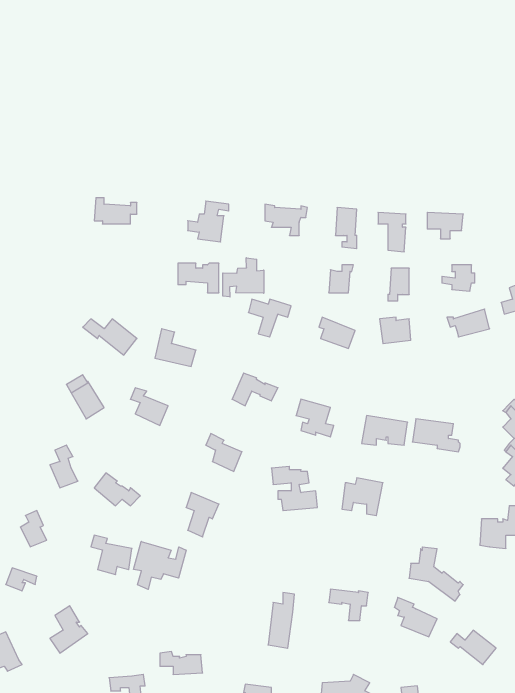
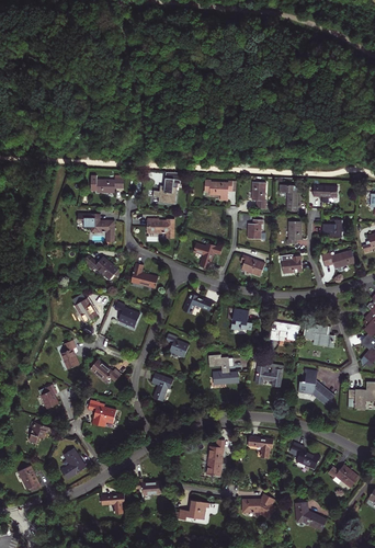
building: none -> [79,213,114,241]
building: [223,258,264,297] -> none
building: [134,541,186,589] -> none
building: [409,547,463,601] -> [298,369,334,406]

